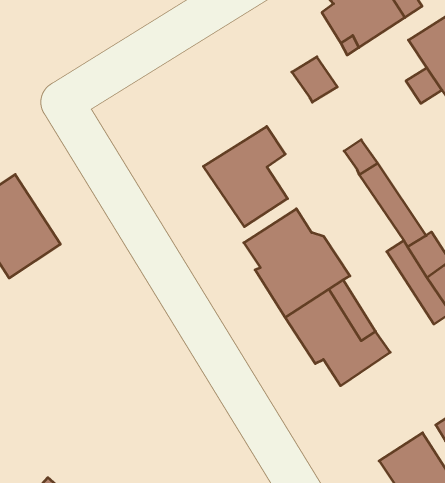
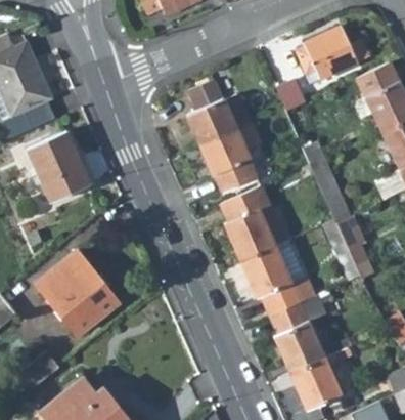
building: none -> [185,80,249,144]
building: none -> [40,252,119,332]
building: none -> [273,295,326,372]

